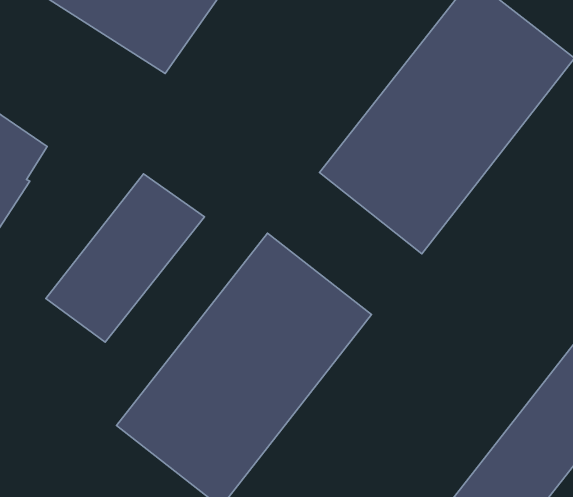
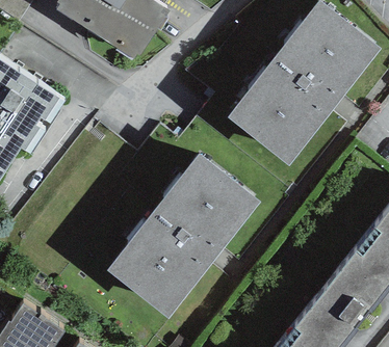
building: [46,174,204,342] -> none

